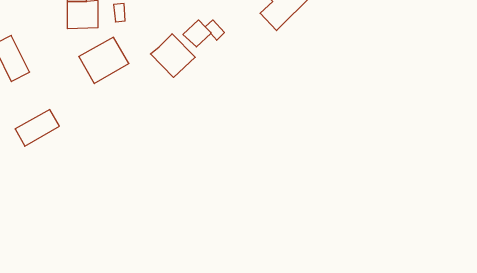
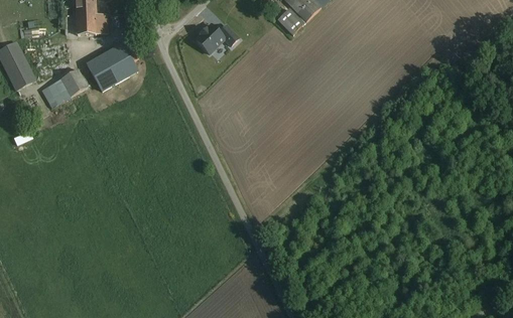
building: [150,34,195,77] -> none
building: [15,110,59,146] -> [40,69,87,108]

